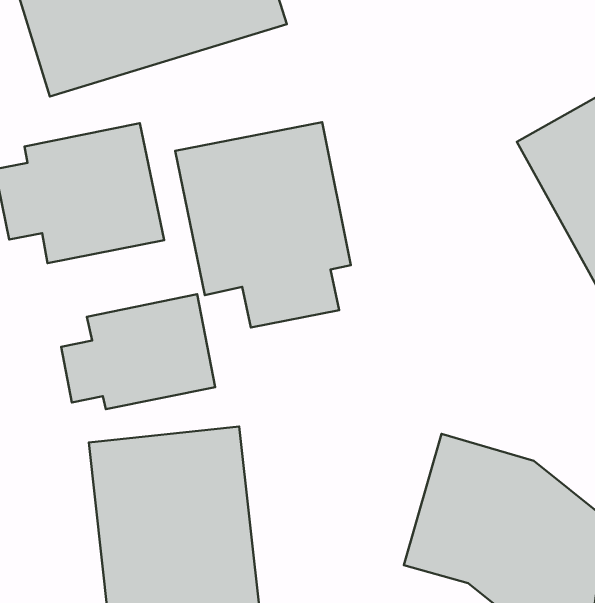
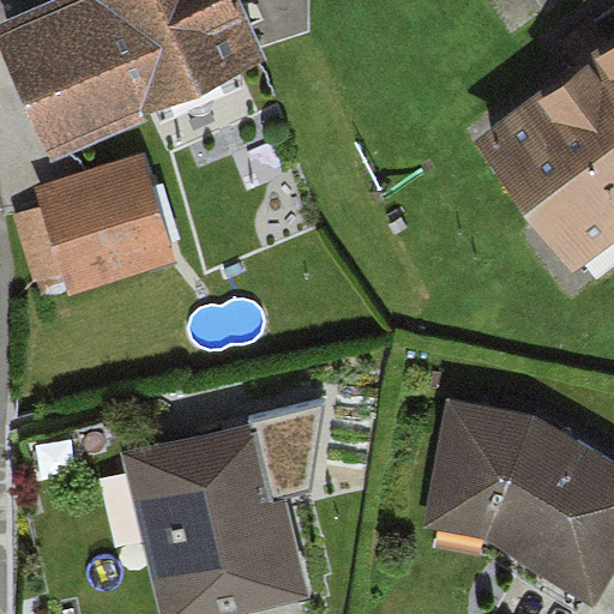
building: [175,122,351,327] -> none
building: [61,294,215,409] -> none

